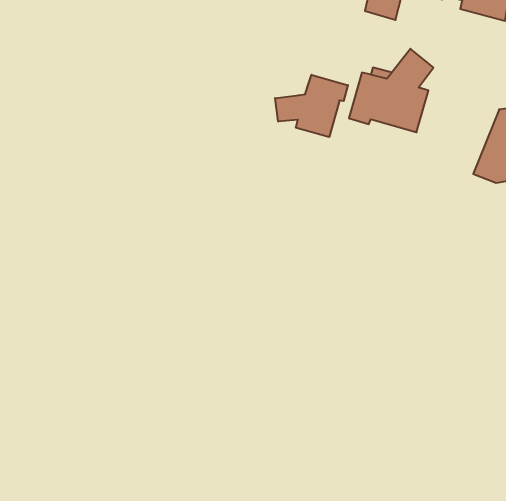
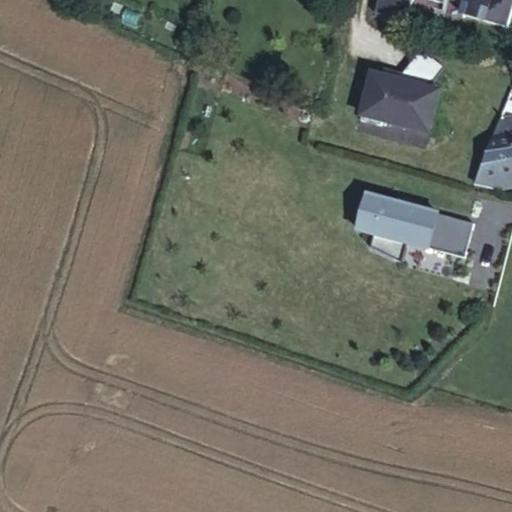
building: [275,75,348,137] -> none
building: none -> [359,192,475,256]

